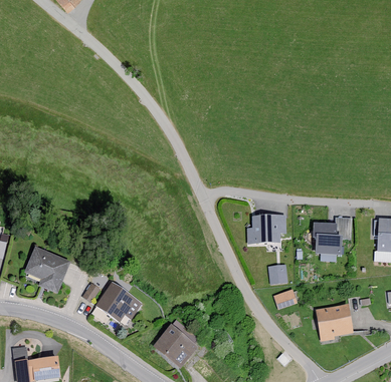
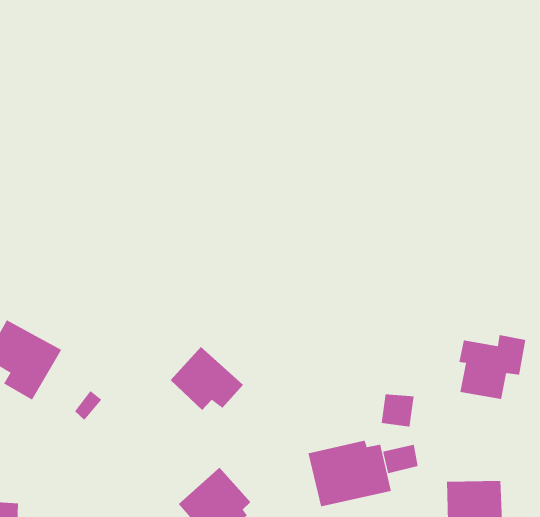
building: [246,216,285,244] -> none
building: [96,282,142,321] -> [170,346,244,411]
building: none -> [308,440,391,507]

